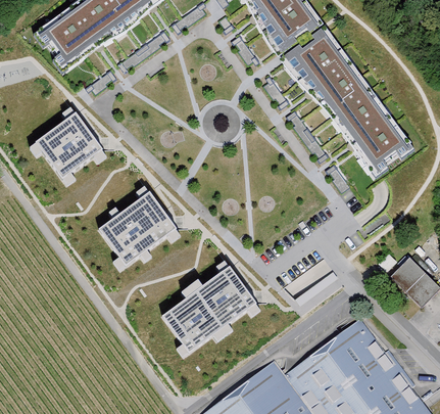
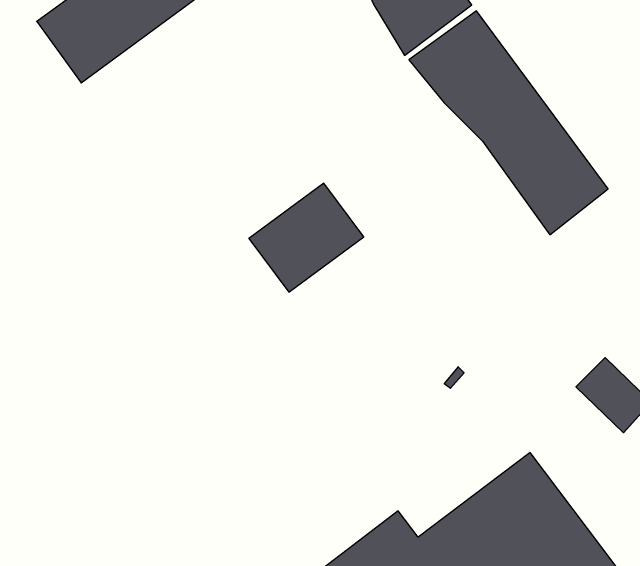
building: [38,109,104,175] -> none
building: [101,189,178,262] -> [249,183,364,292]
building: [163,263,257,349] -> none

